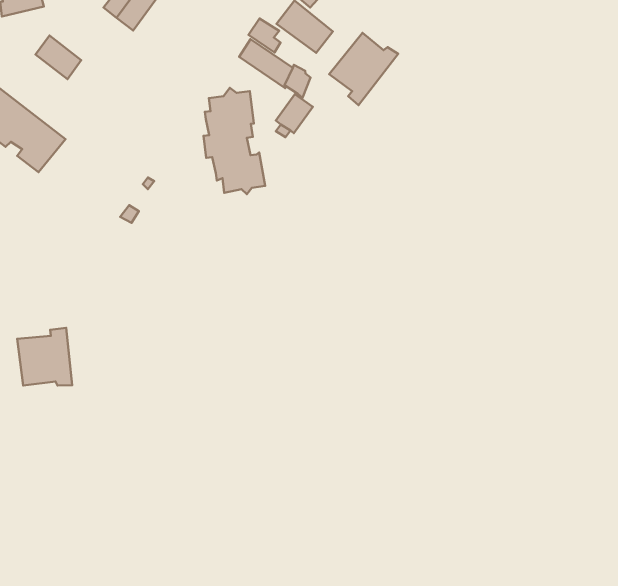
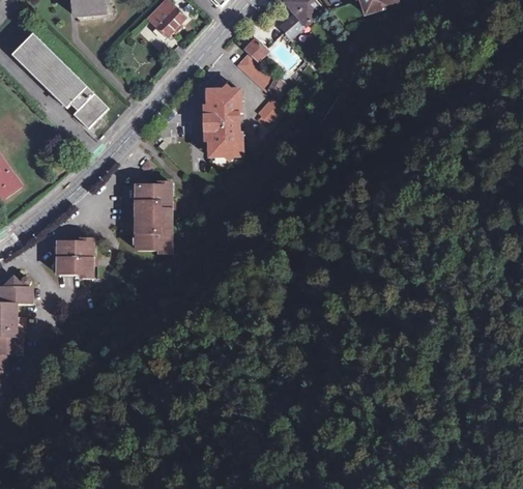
building: [329,33,398,105] -> none
building: [35,36,81,79] -> none
building: none -> [119,180,170,254]

